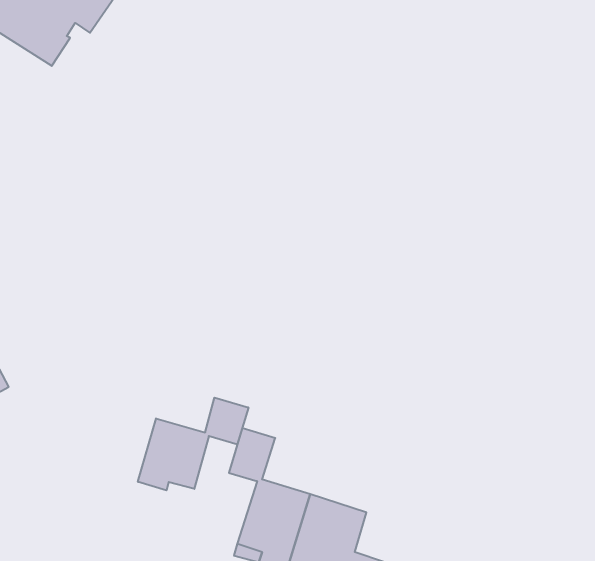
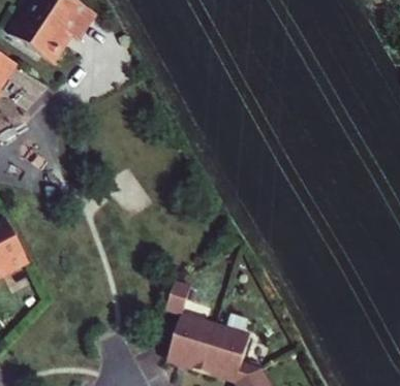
building: [138,398,248,490] -> none

